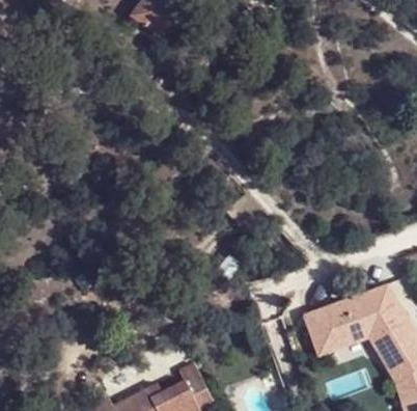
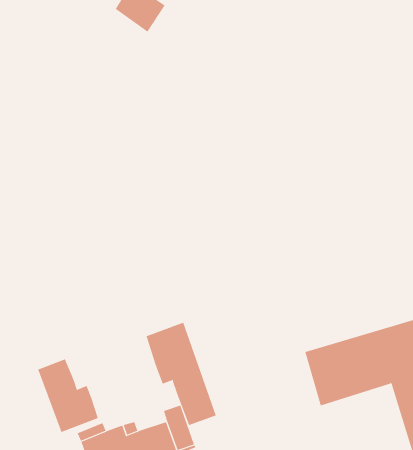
building: none -> [146,322,217,426]
building: none -> [38,359,99,433]

